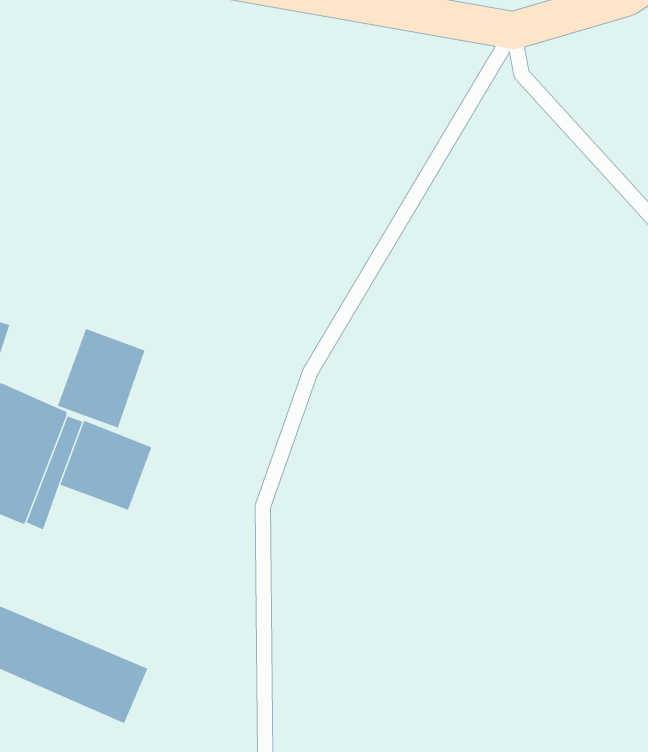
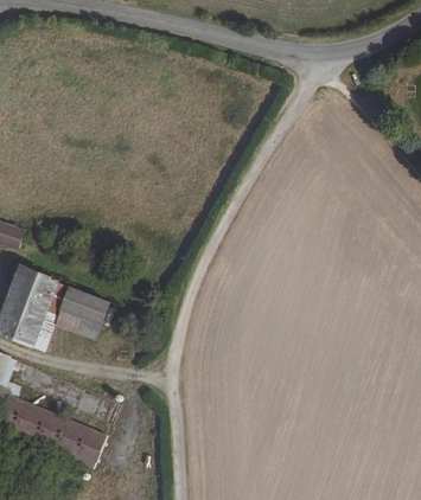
building: [57,328,145,429] -> none

